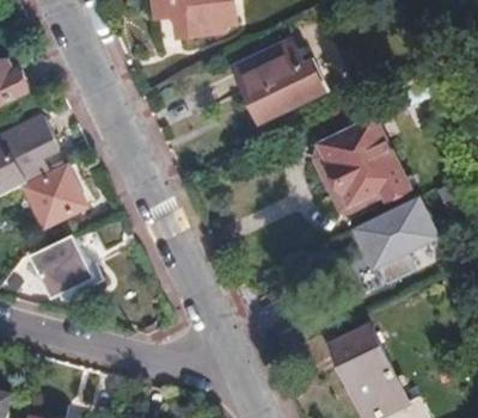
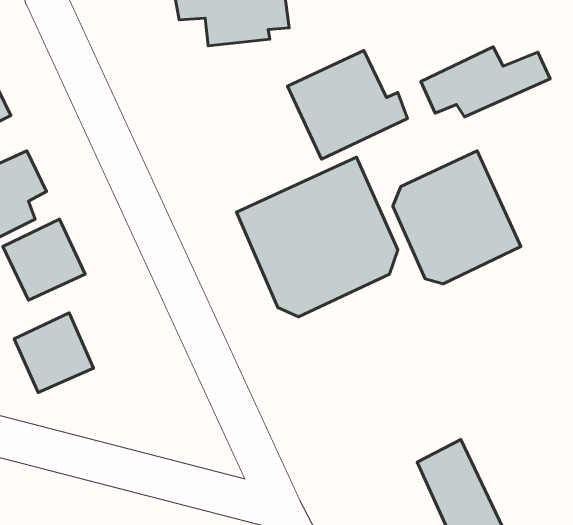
building: none -> [421,47,550,117]
building: none -> [236,157,398,317]
building: [350,195,440,270] -> none

